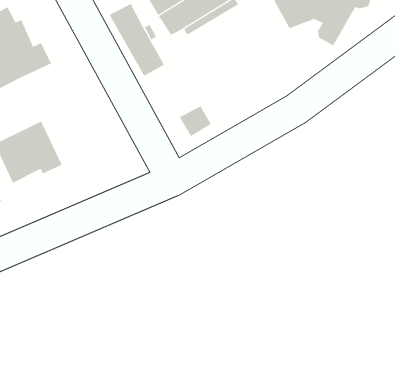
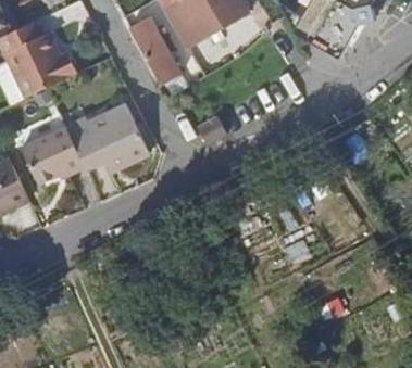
building: none -> [67,101,149,169]

